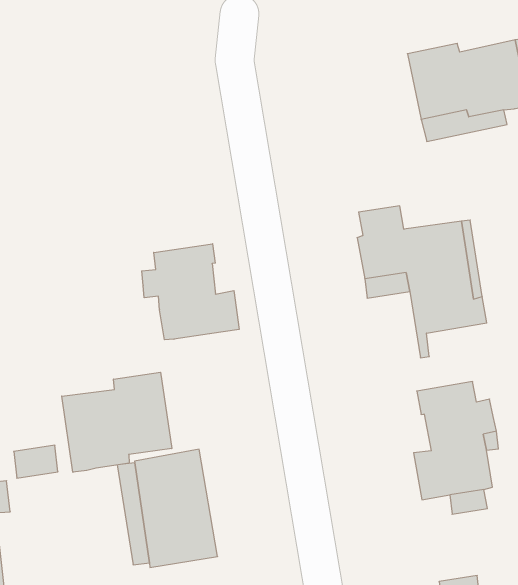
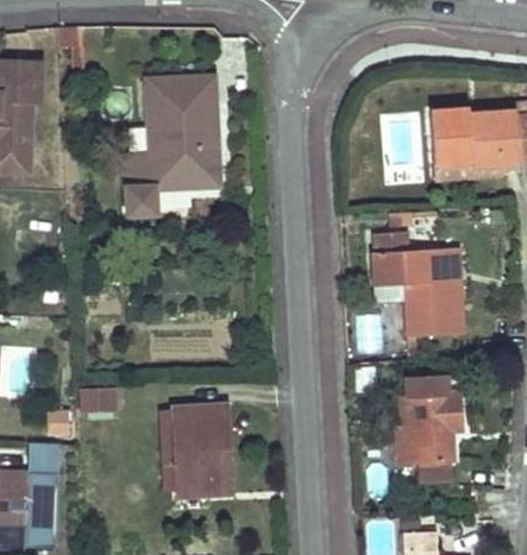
building: none -> [123,76,219,216]
building: [142,244,239,340] -> none
building: [62,372,172,472] -> none

